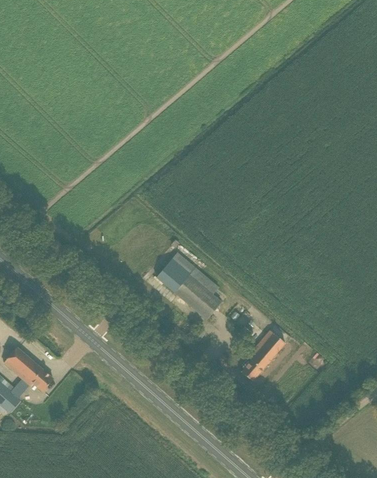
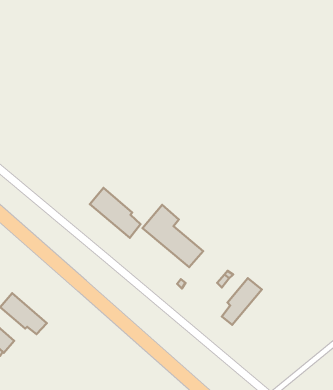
building: none -> [90,188,141,238]

